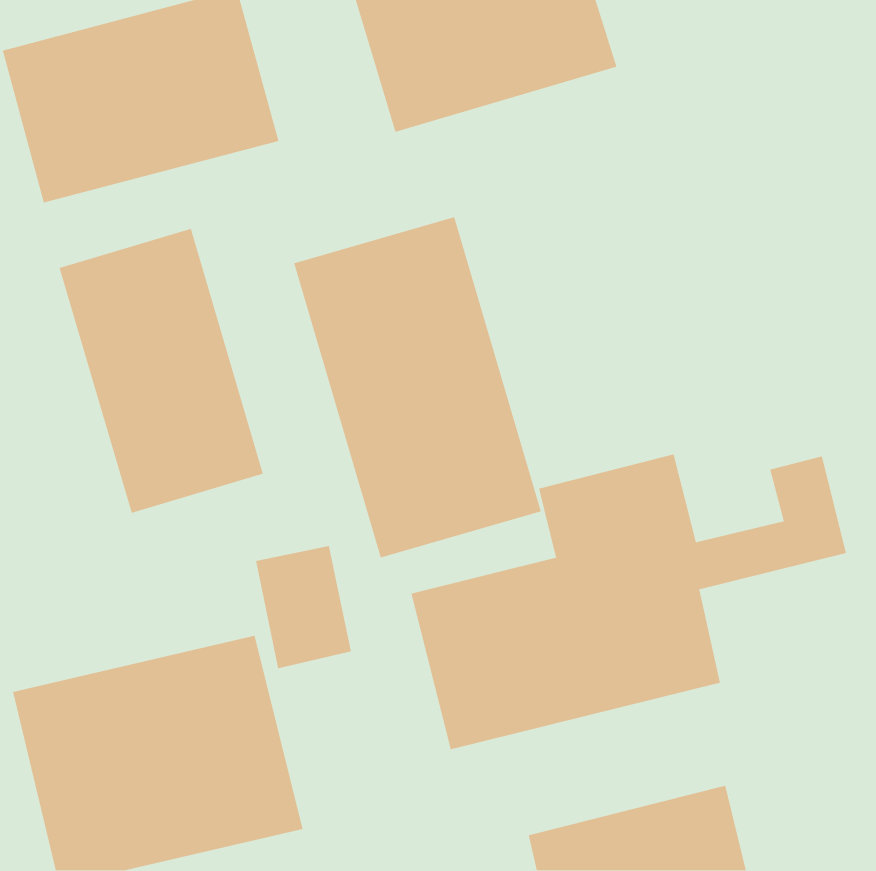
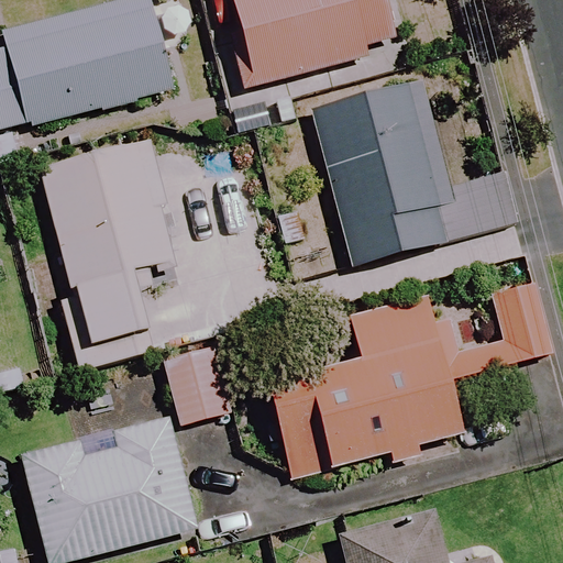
building: none -> [312,85,452,269]
building: [293,216,542,558] -> none

